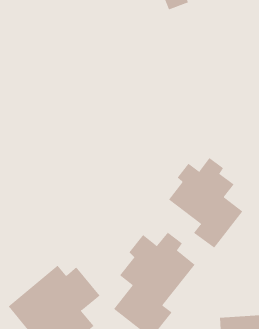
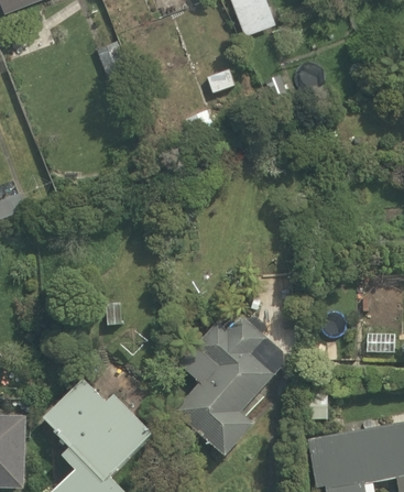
building: [168,157,243,249] -> none

